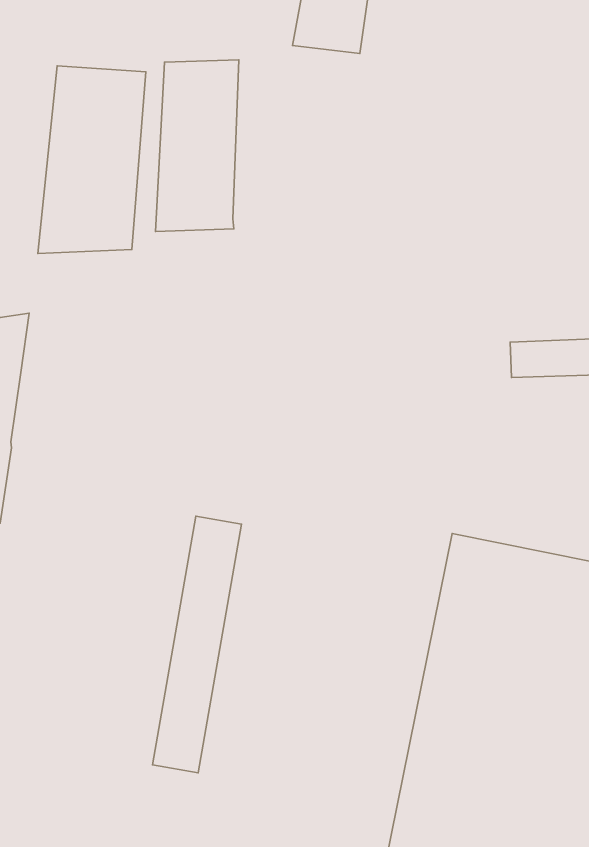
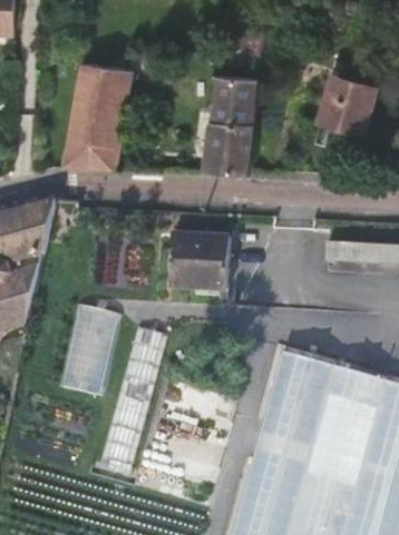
building: none -> [318,78,373,135]
building: [156,60,239,231] -> [202,78,257,176]
building: none -> [169,235,226,290]
building: none -> [65,304,118,393]

